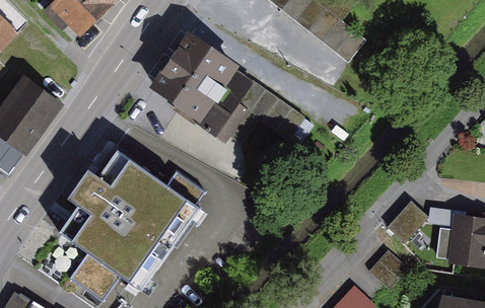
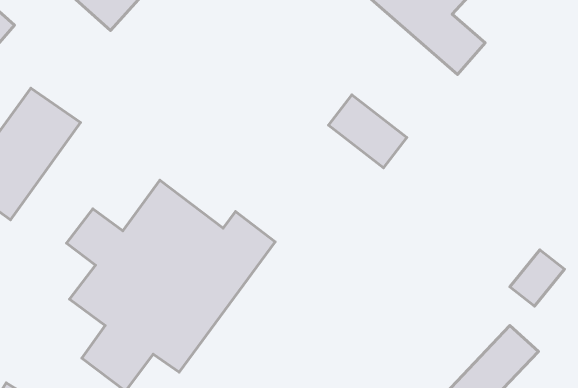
building: [150,31,259,135] -> none

